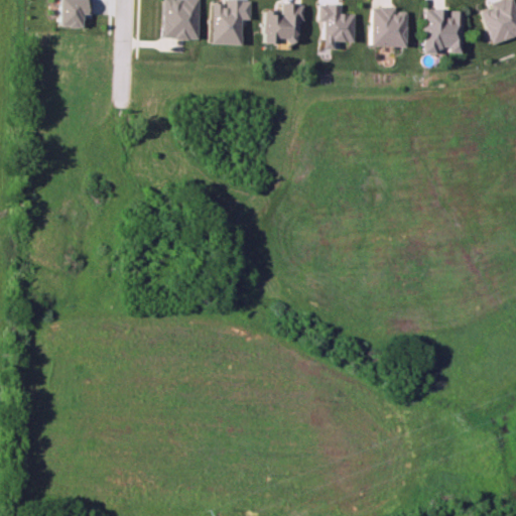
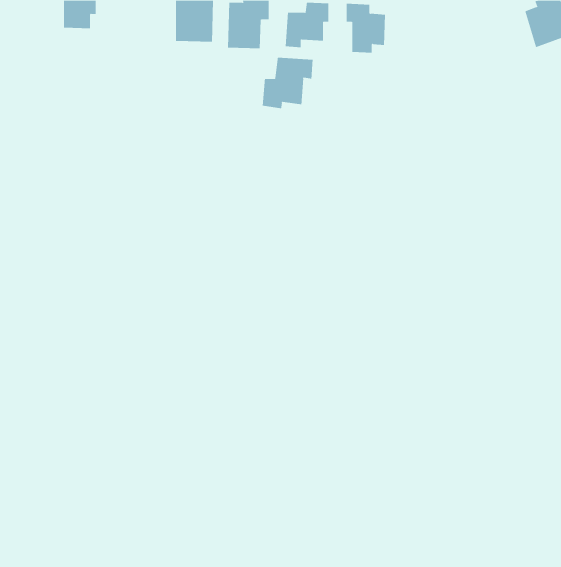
building: [372,6,408,46] -> none
building: [425,8,465,52] -> none
building: none -> [262,57,313,109]

